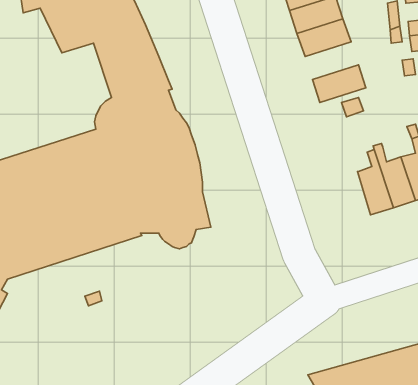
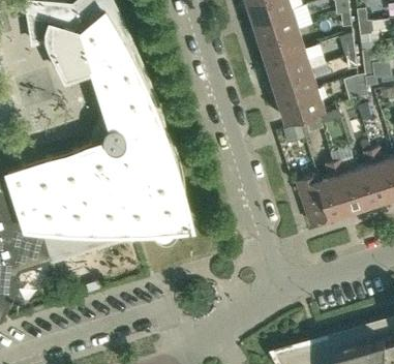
building: none -> [272,69,317,101]
building: none -> [295,174,328,223]

